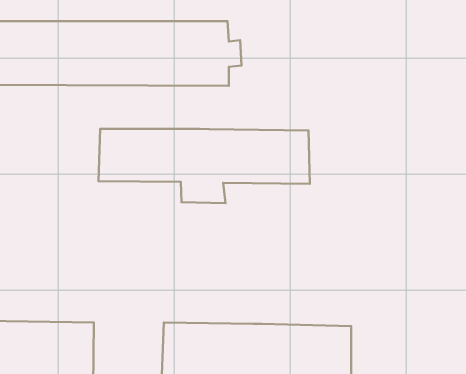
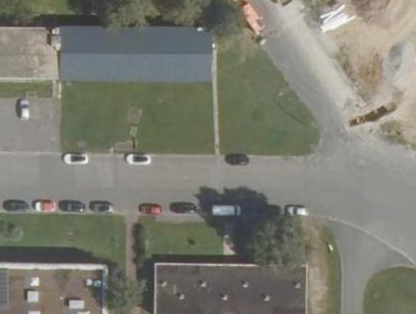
building: [99,129,310,203] -> none

